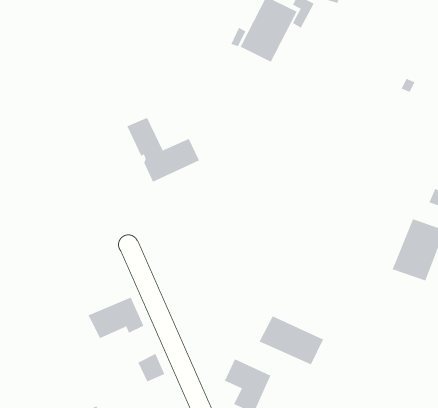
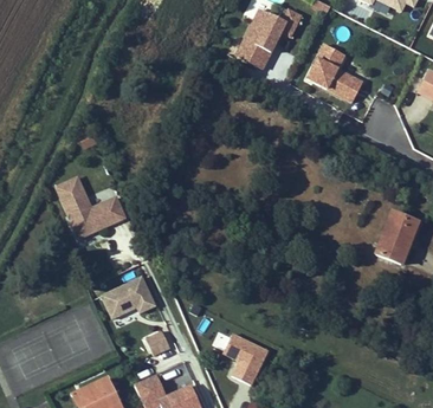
building: none -> [309,43,366,101]
building: [126,117,200,183] -> [57,180,123,239]
building: [259,315,324,365] -> none

